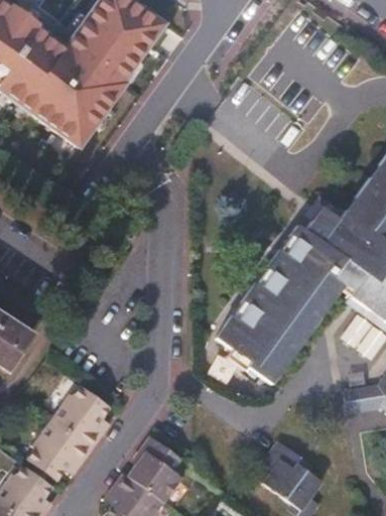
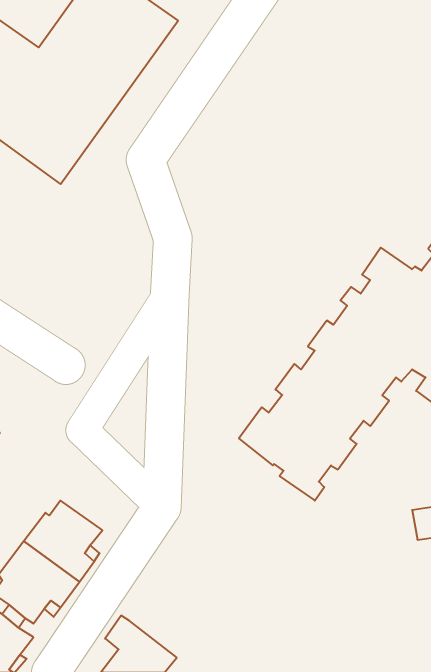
building: [131,433,184,501] -> none
building: [266,436,326,506] -> none

